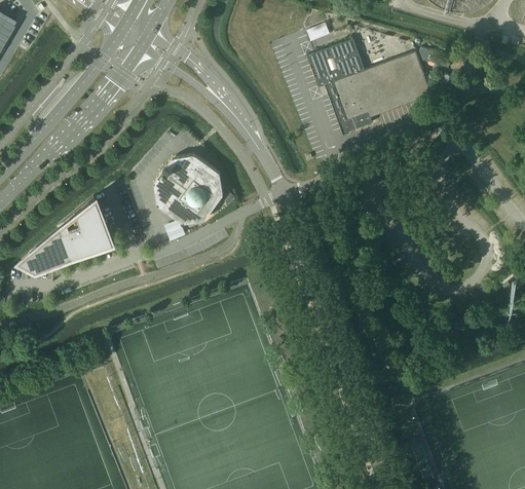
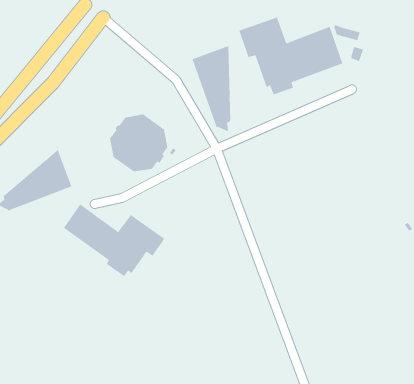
building: none -> [192,45,231,132]
building: none -> [63,203,165,279]

